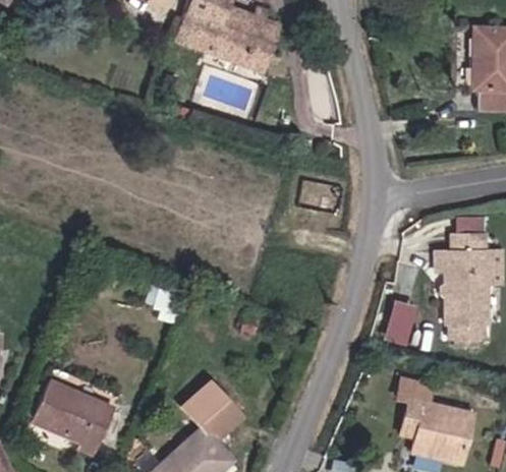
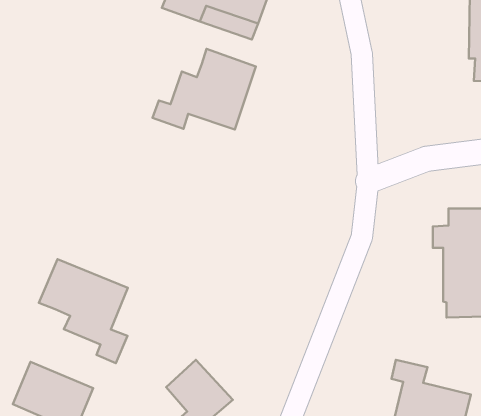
building: none -> [153,49,256,130]
building: none -> [39,259,128,363]
building: [383,296,417,342] -> none

